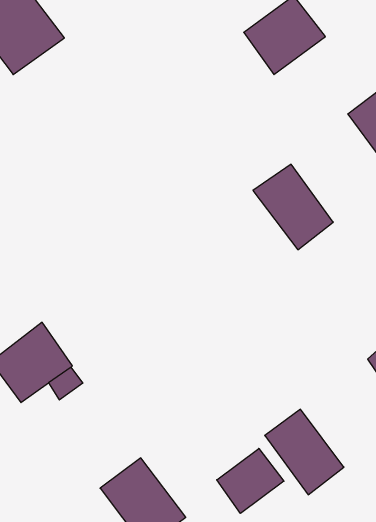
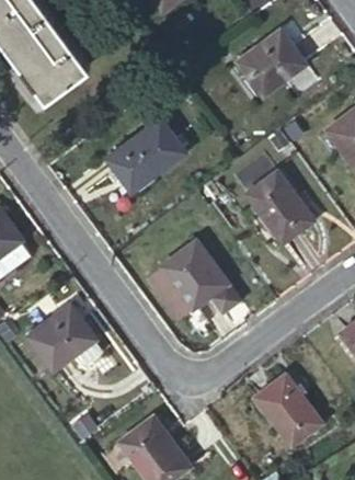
building: none -> [105,118,184,193]
building: none -> [160,242,226,310]
building: [217,448,284,513] -> none

